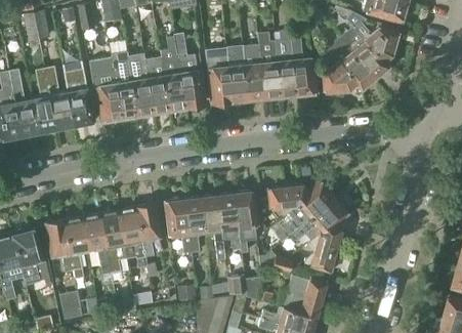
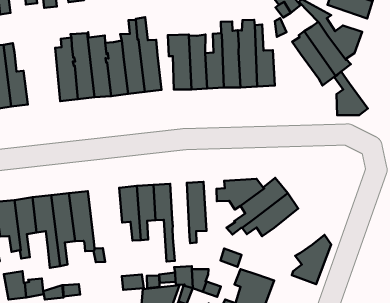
building: [323,48,358,91] -> [334,72,368,115]
building: [66,71,90,126] -> none
building: [217,194,240,248] -> none
building: [136,204,161,257] -> none
building: [304,222,341,272] -> [292,235,331,284]

